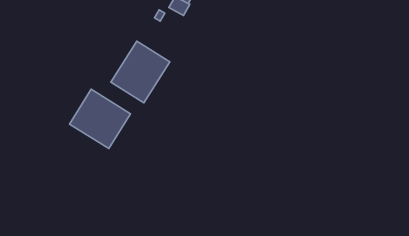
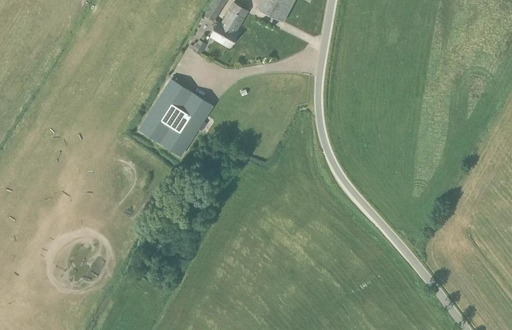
building: [70,89,131,149] -> none

